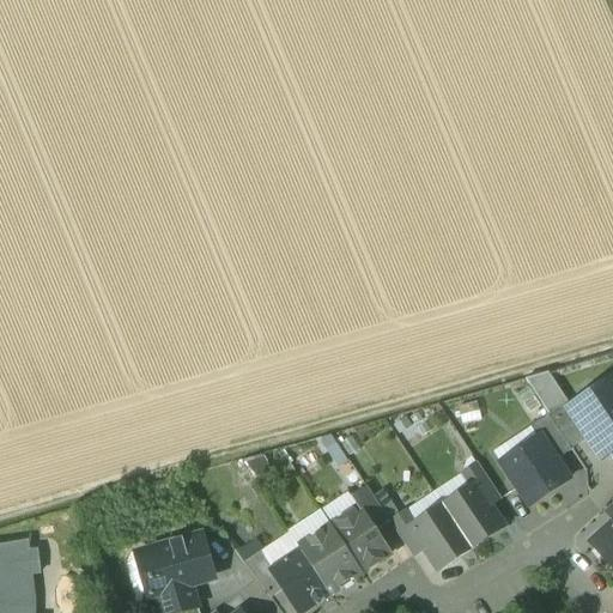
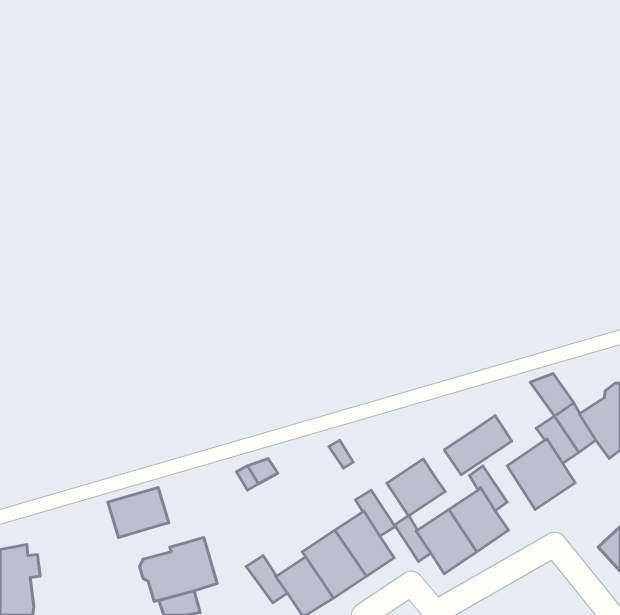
building: none -> [444,416,512,475]
building: none -> [387,459,445,516]
building: none -> [108,488,169,537]

